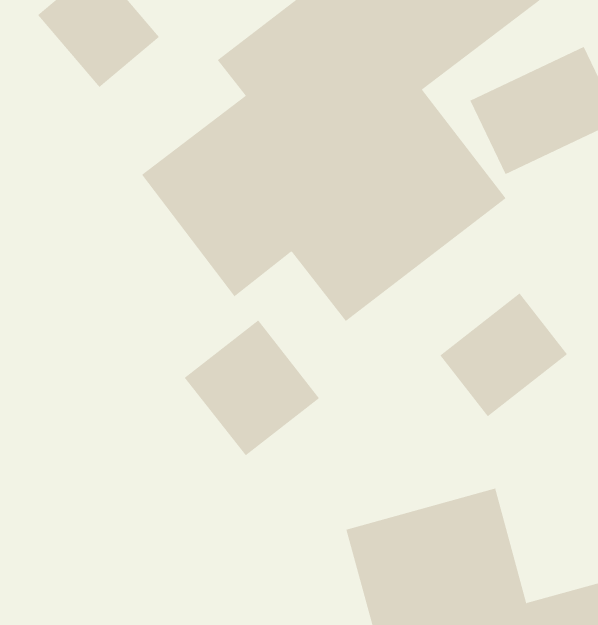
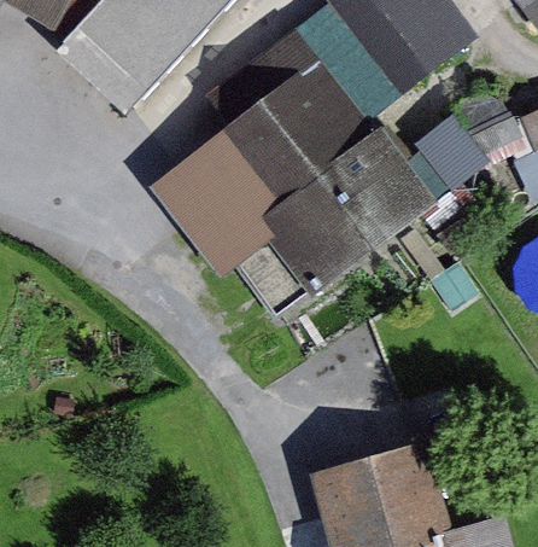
building: [440,293,568,417] -> none
building: [184,319,320,456] -> none

